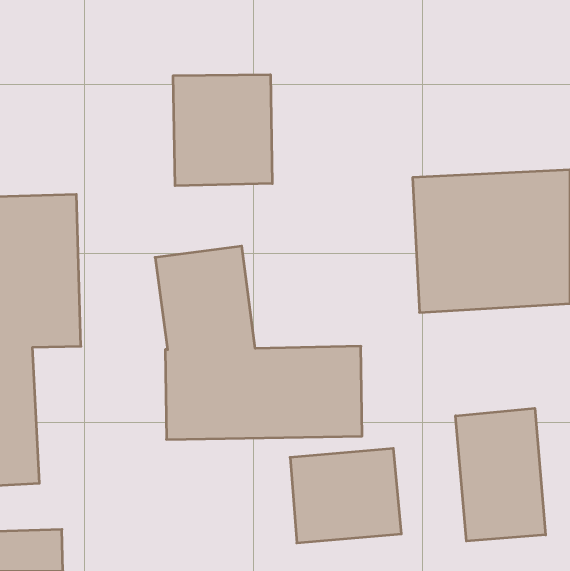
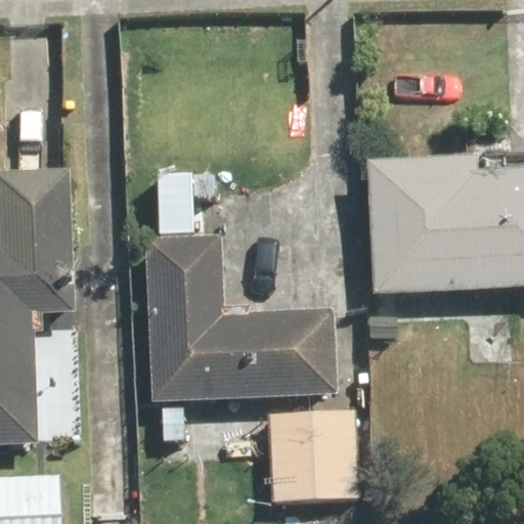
building: [173,75,272,186] -> none
building: [456,408,546,541] -> none

